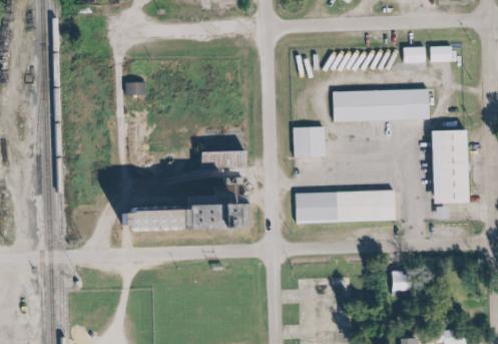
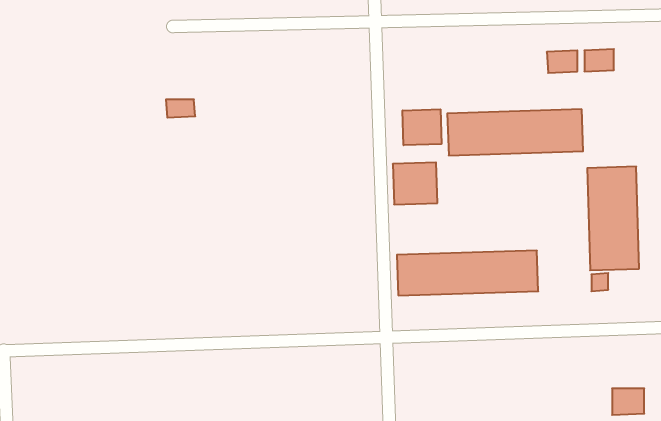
building: none -> [403,109,441,145]
building: [210,150,253,168] -> none
building: [123,184,261,231] -> none
building: [394,272,417,291] -> [612,388,644,415]

